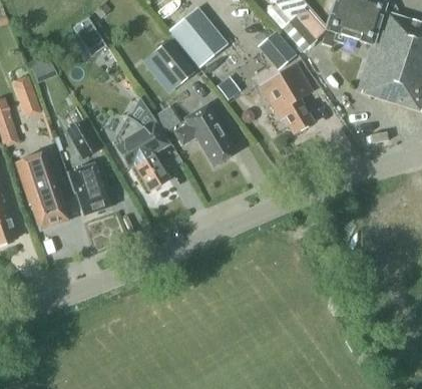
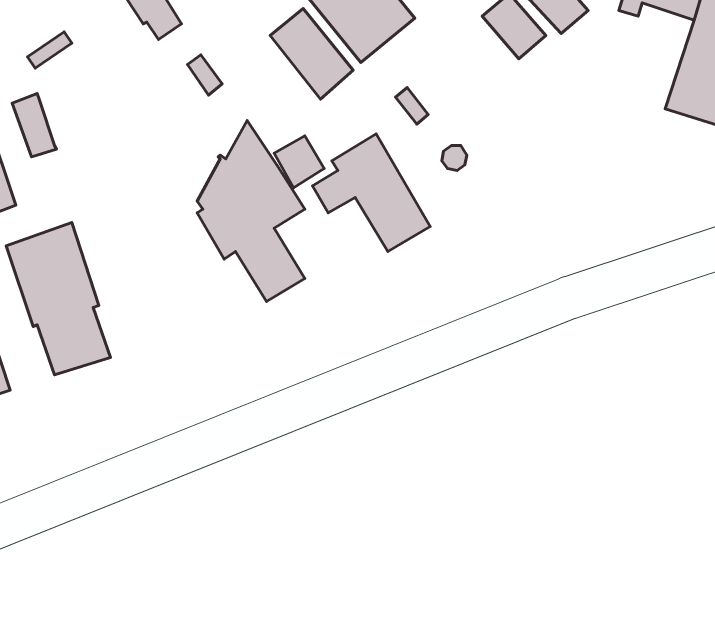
building: [261,63,314,133] -> none
building: [65,117,101,158] -> none
building: [69,162,112,215] -> none

